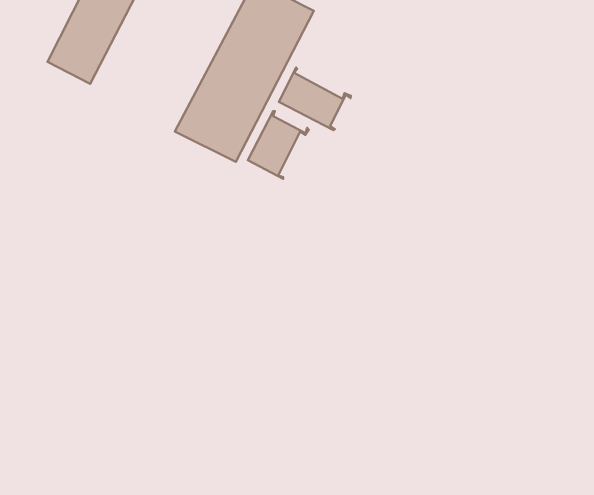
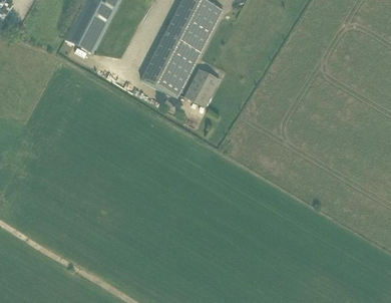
building: [279,67,351,130] -> none

